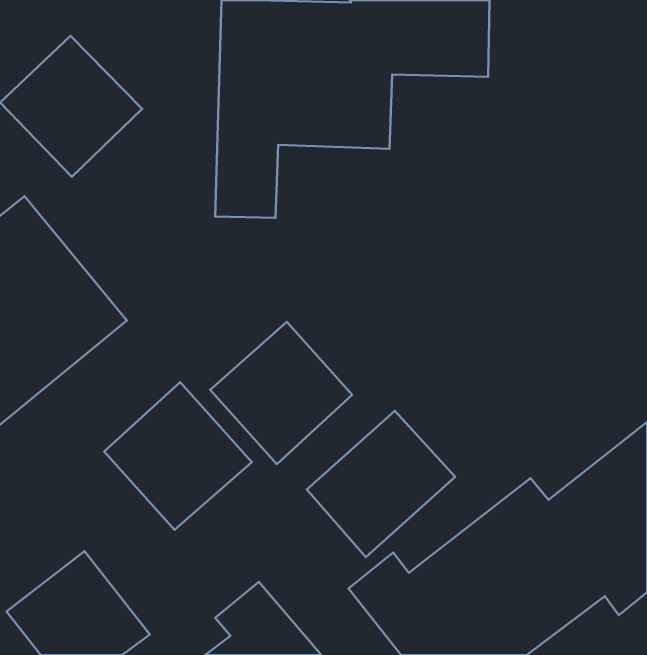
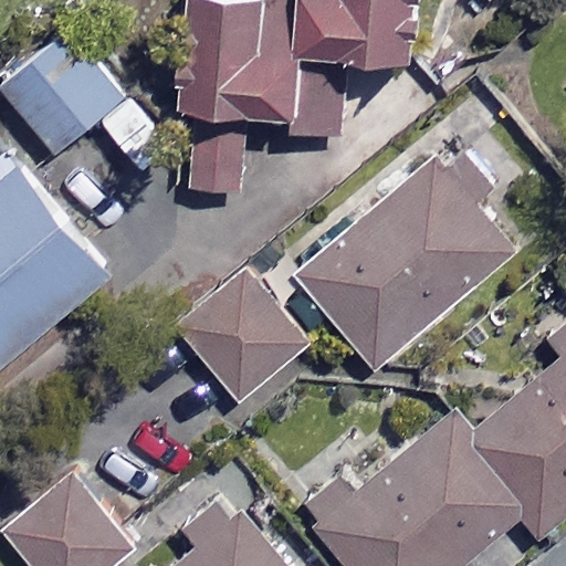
building: none -> [300,163,507,365]
building: [104,382,252,530] -> none
building: [307,411,455,557] -> none

